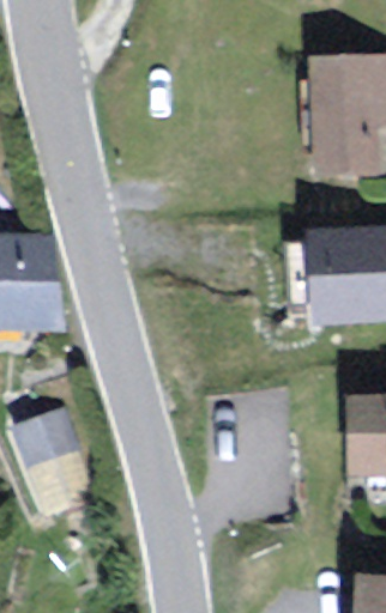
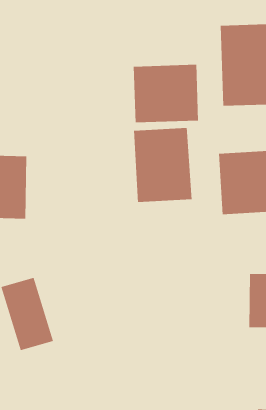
building: none -> [133,64,199,123]
building: none -> [133,127,192,203]

